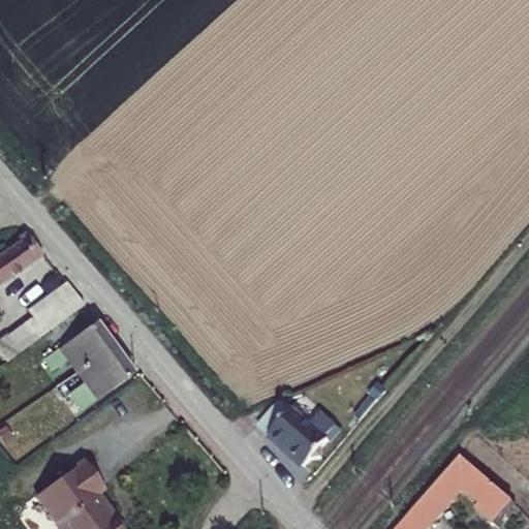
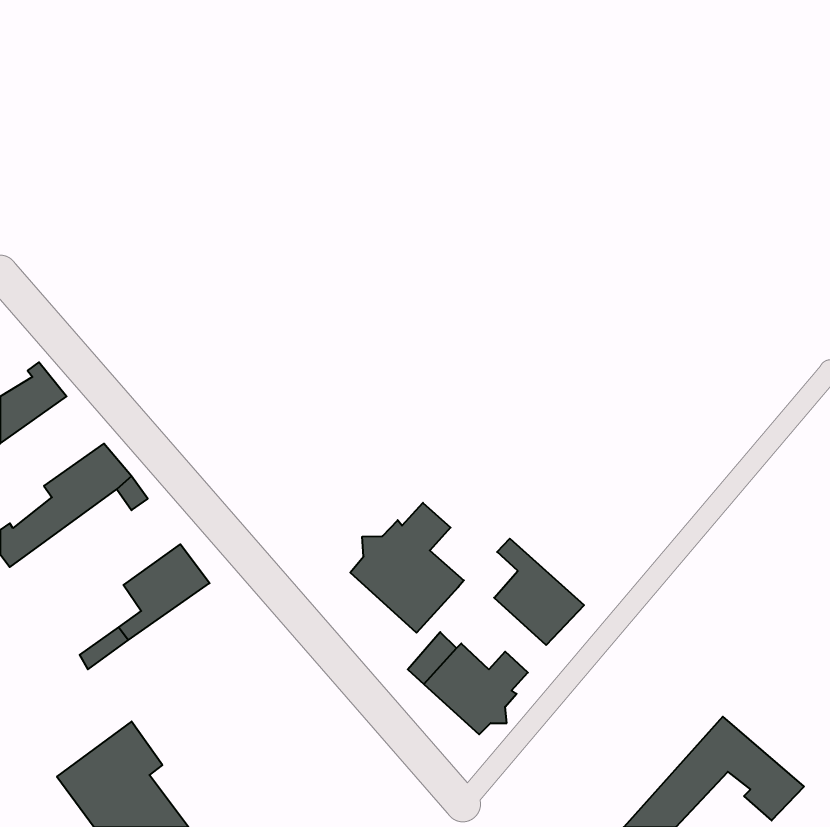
building: none -> [350,503,464,633]
building: [45,321,115,372] -> none
building: none -> [494,539,584,645]

